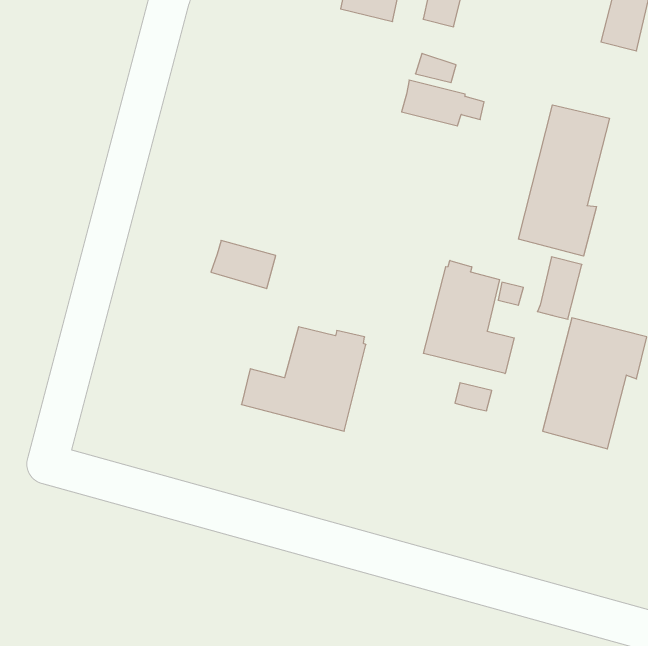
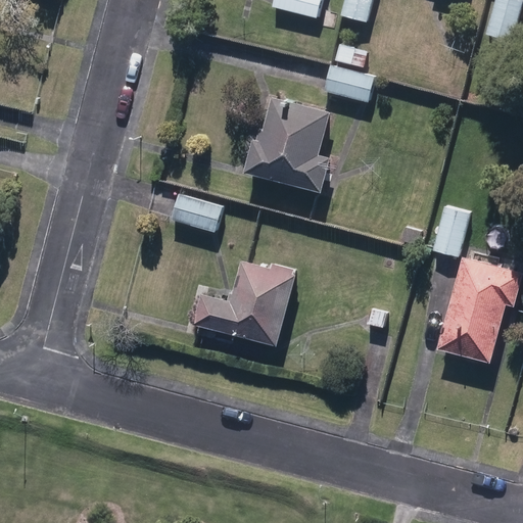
building: [518,105,609,256] -> none
building: none -> [245,98,330,193]
building: [423,260,514,374] -> none

